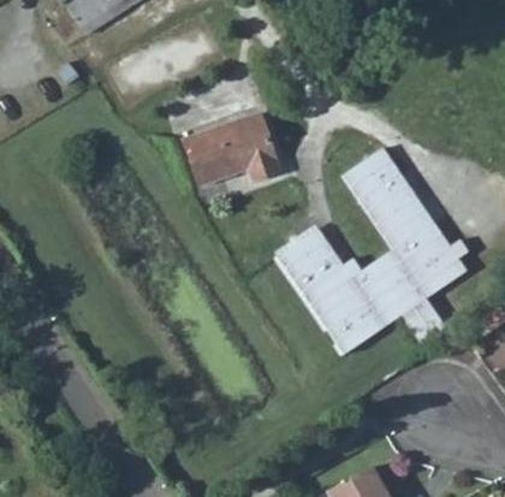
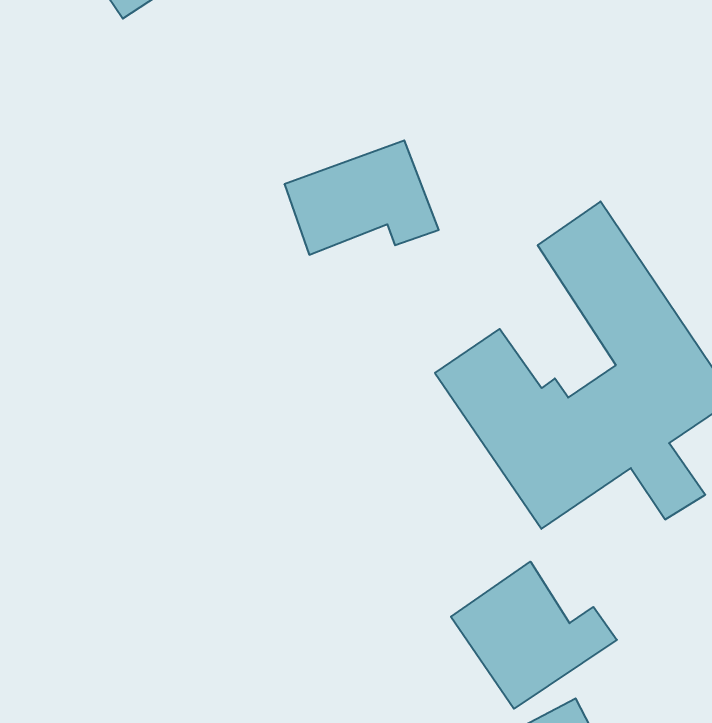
building: none -> [451,562,617,709]

